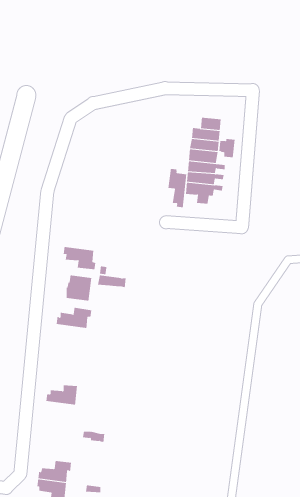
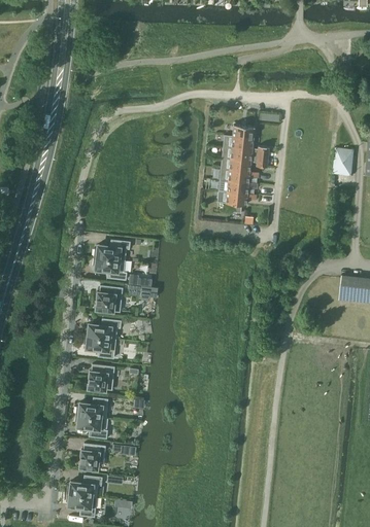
building: [168,168,187,208] -> none
building: none -> [94,240,131,260]
building: none -> [86,336,117,358]
building: none -> [88,364,114,390]
building: none -> [75,414,108,438]
building: none -> [80,444,106,469]

